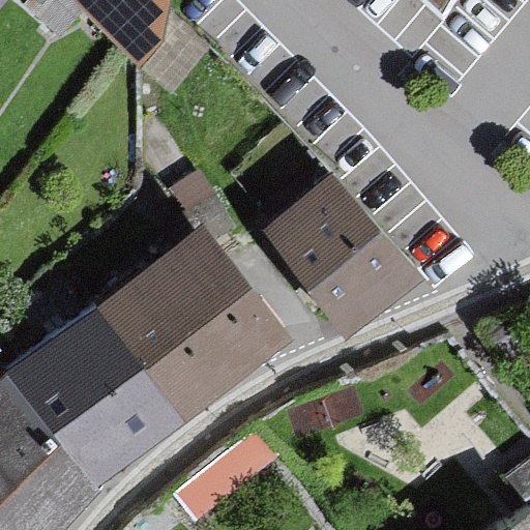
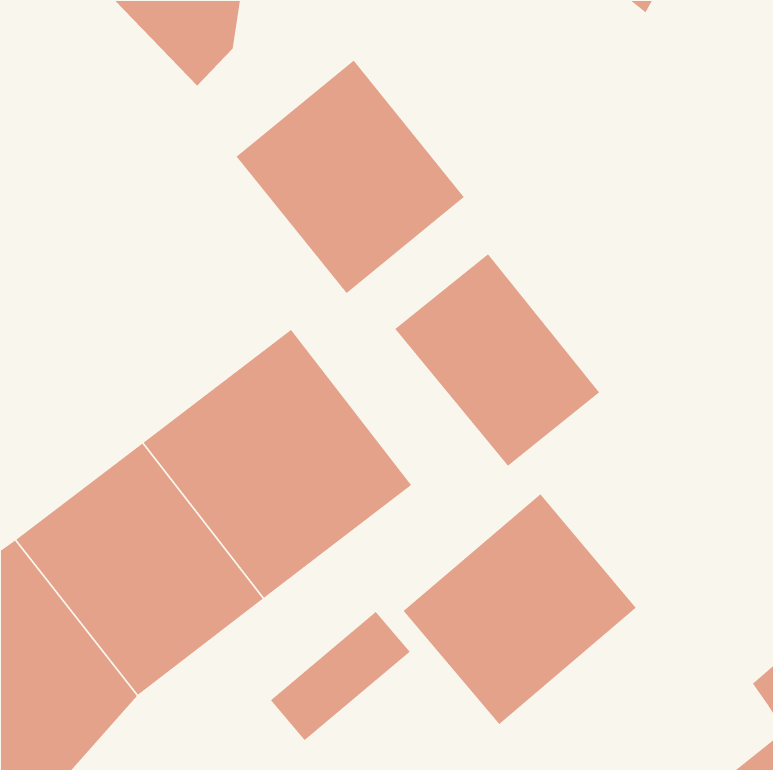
building: none -> [236,60,465,294]
building: none -> [403,493,637,725]

